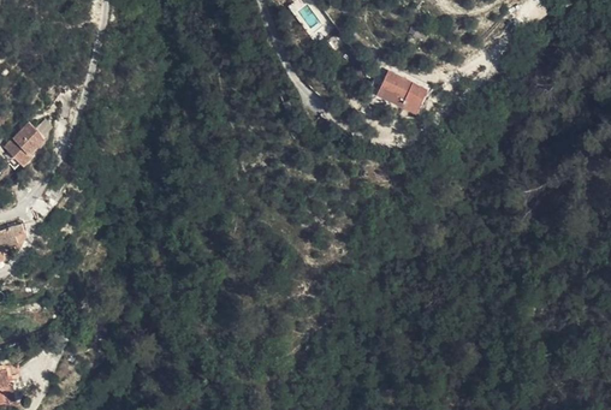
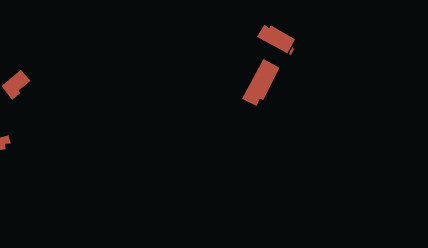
building: none -> [241,58,280,107]

